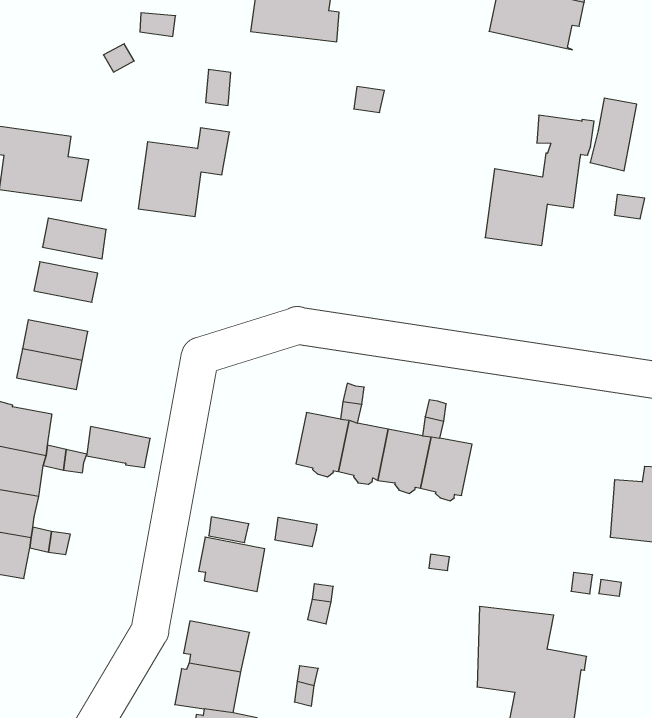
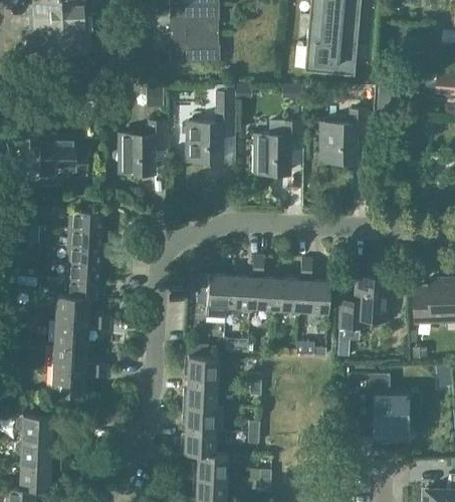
building: none -> [303,44,356,77]
building: none -> [187,90,233,162]
building: none -> [254,121,302,175]
building: [42,218,106,259] -> [65,229,100,248]
building: none -> [199,275,232,319]
building: [86,427,150,467] -> [63,280,98,299]
building: none -> [337,278,389,352]
building: none -> [182,382,218,408]

